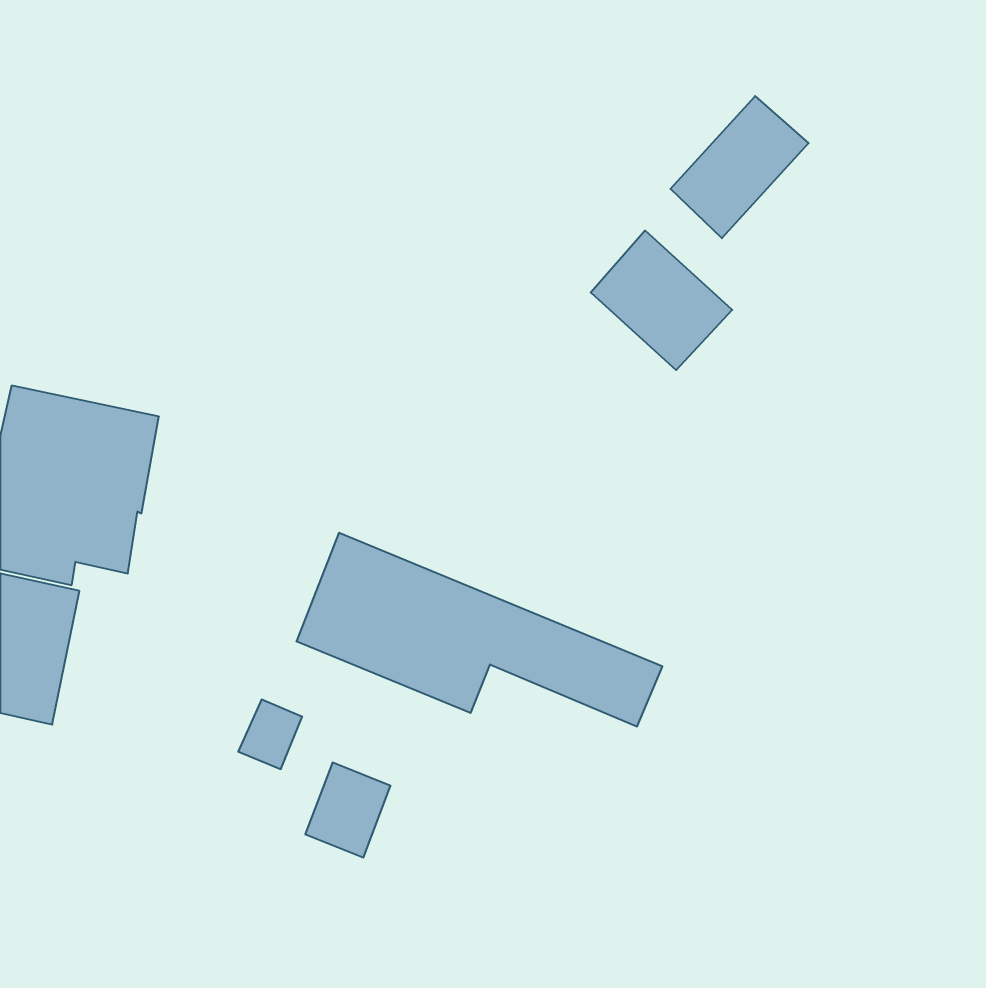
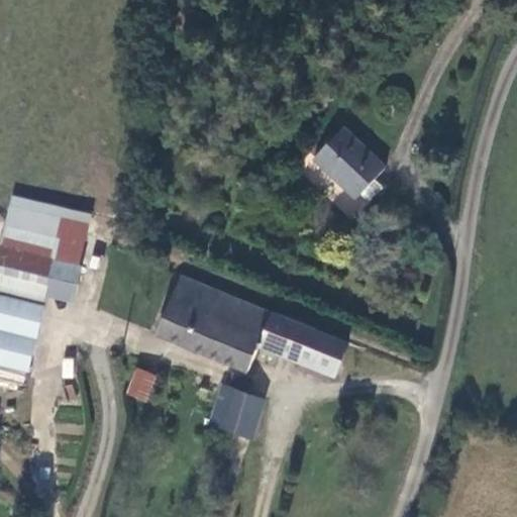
building: [670,96,809,238] -> none
building: [305,763,391,858] -> [218,387,263,436]

